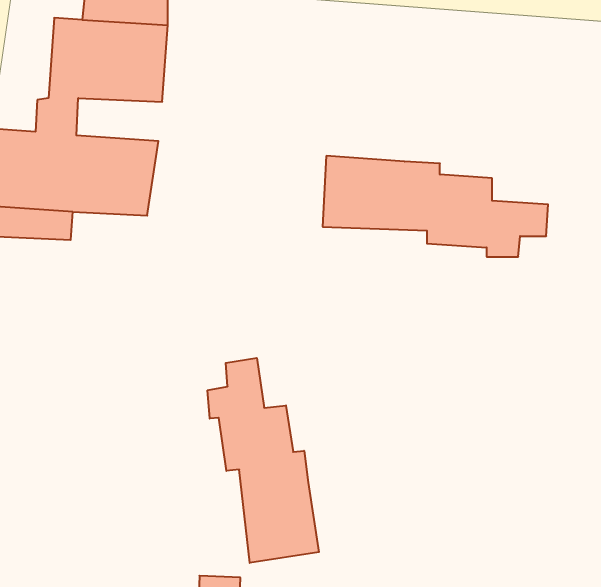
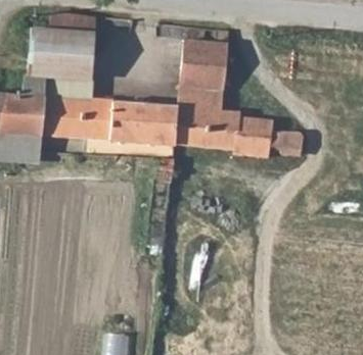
building: none -> [44,30,229,146]
building: [208,358,319,563] -> none

